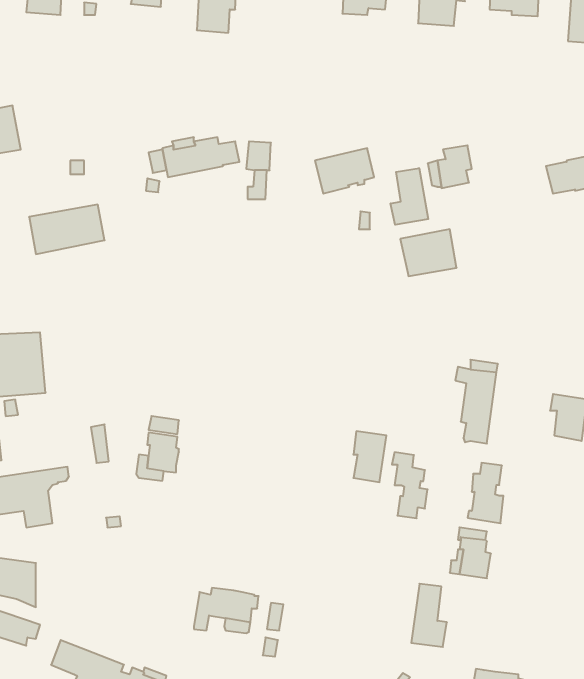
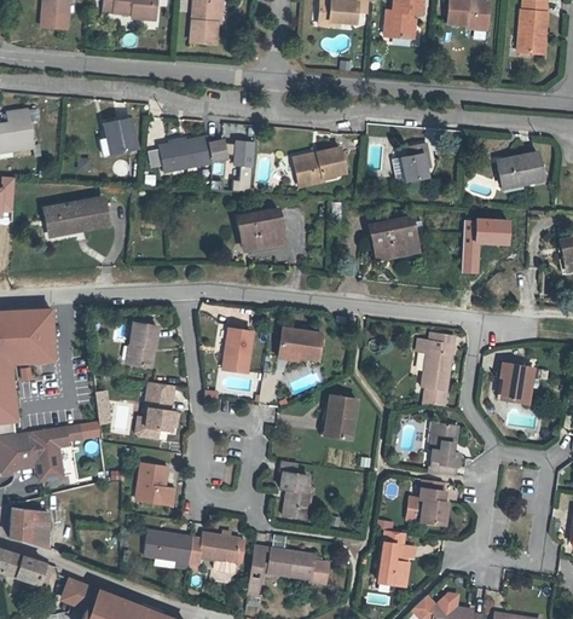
building: none -> [104,117,138,155]
building: [391,168,428,225] -> none
building: none -> [237,208,286,251]
building: none -> [463,218,509,273]
building: none -> [127,322,158,368]
building: none -> [280,328,323,360]
building: none -> [224,329,253,372]
building: [392,452,428,518] -> [279,461,311,519]
building: none -> [138,462,176,507]
building: none -> [144,531,192,567]
building: none -> [268,549,328,582]

